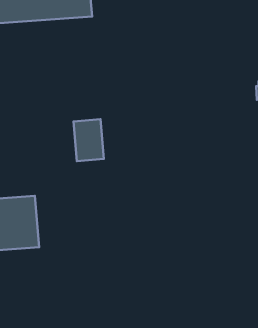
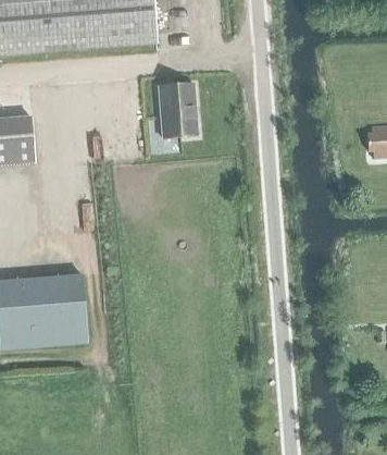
building: [73,119,104,161] -> [160,84,199,138]

